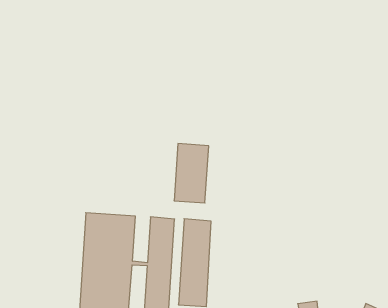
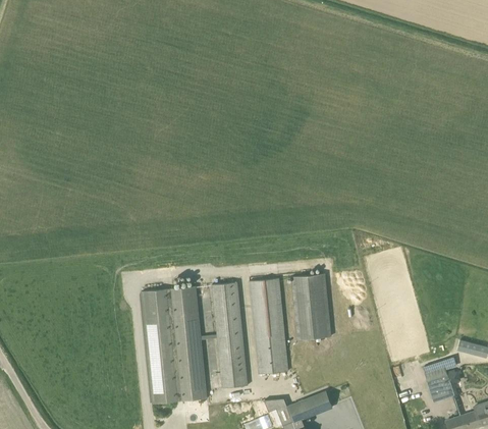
building: [174,144,209,203] -> [291,274,331,339]

